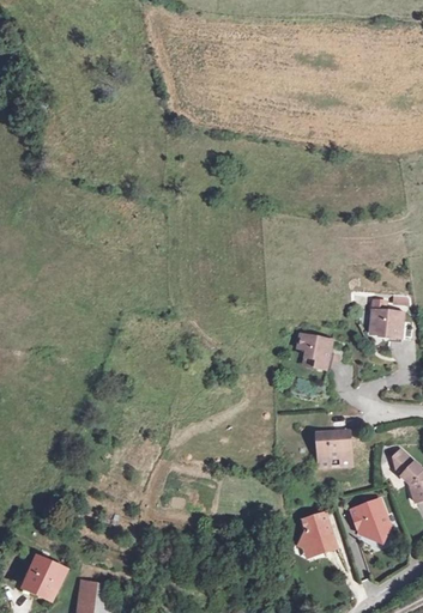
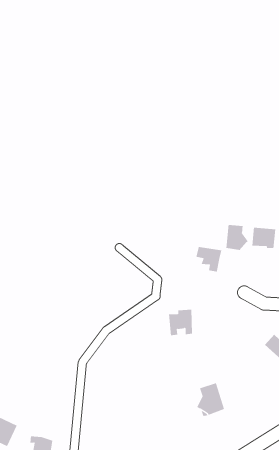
building: none -> [226,224,249,251]
building: [318,432,350,467] -> [168,309,193,336]
building: [350,499,389,540] -> none

